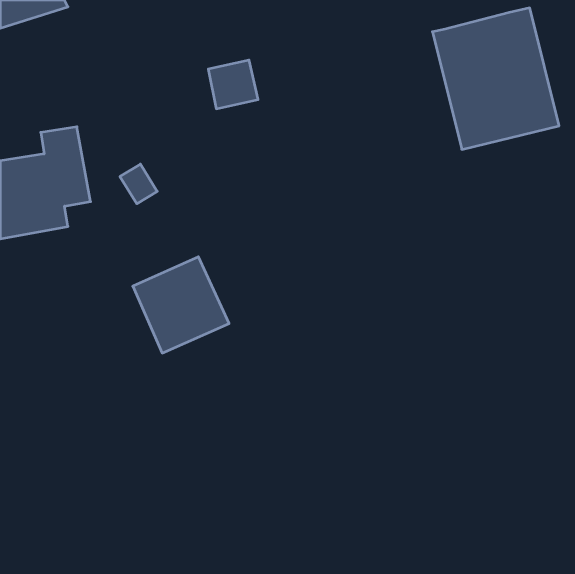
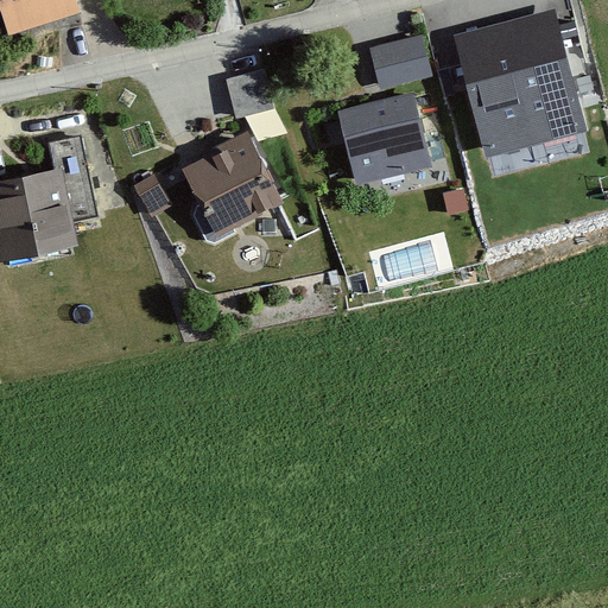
building: none -> [365,36,424,91]
building: none -> [332,93,426,184]
building: [133,257,229,353] -> [175,137,276,238]

